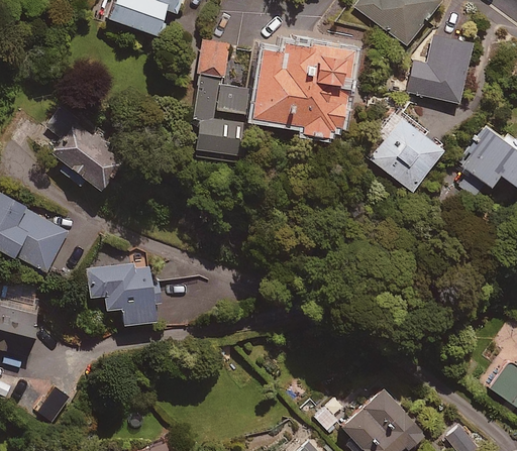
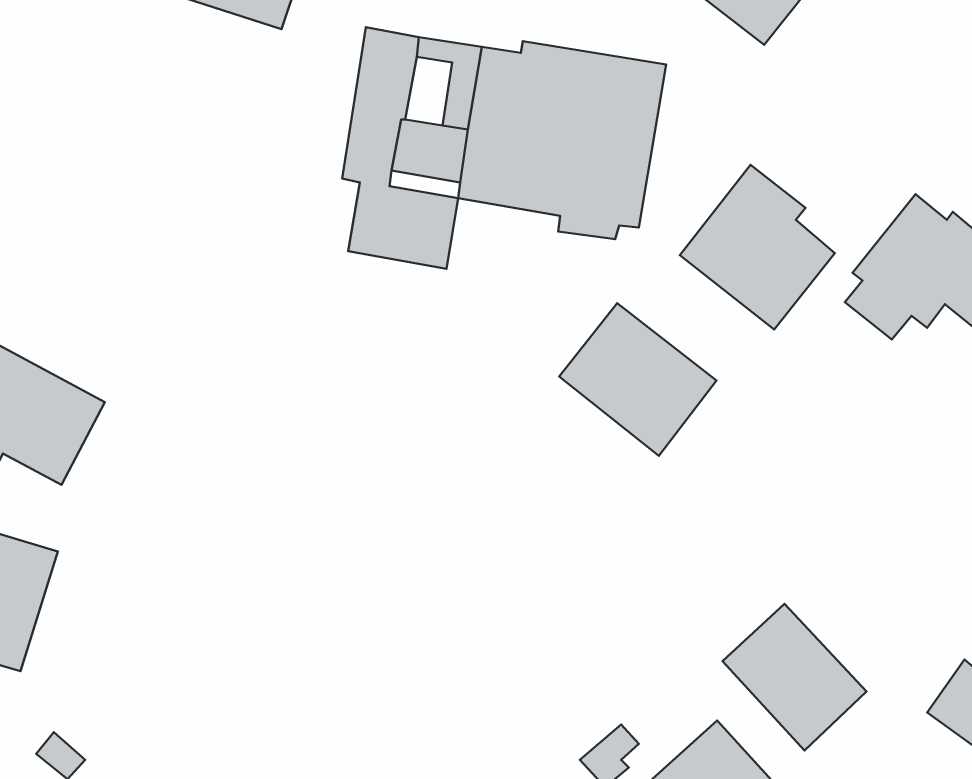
building: [407,31,474,103] -> none
building: [46,99,125,196] -> none
building: none -> [559,303,716,456]
building: [87,261,162,326] -> none
building: none -> [723,604,866,750]

